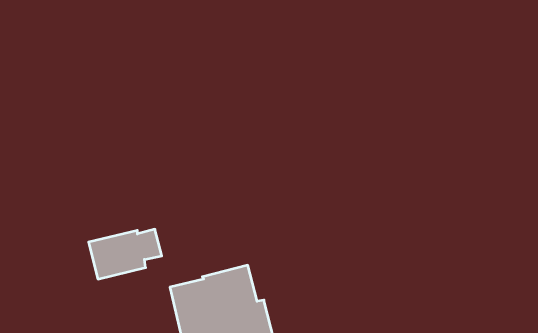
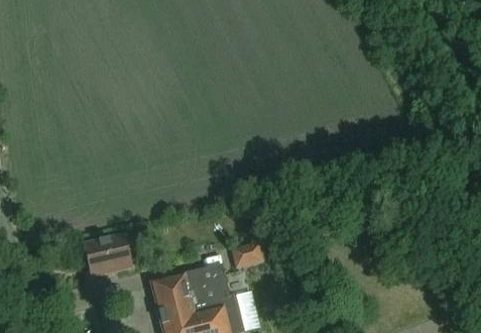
building: none -> [231,242,262,267]

